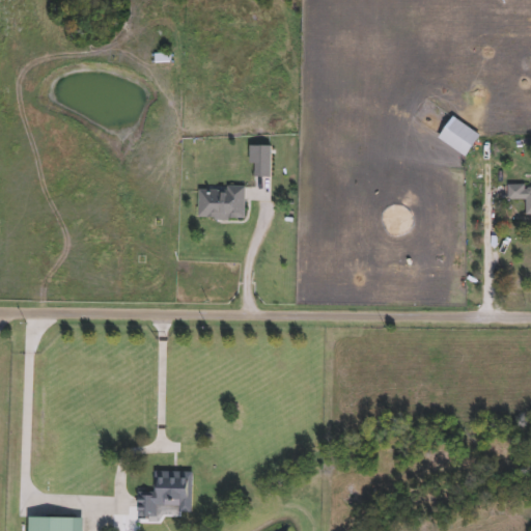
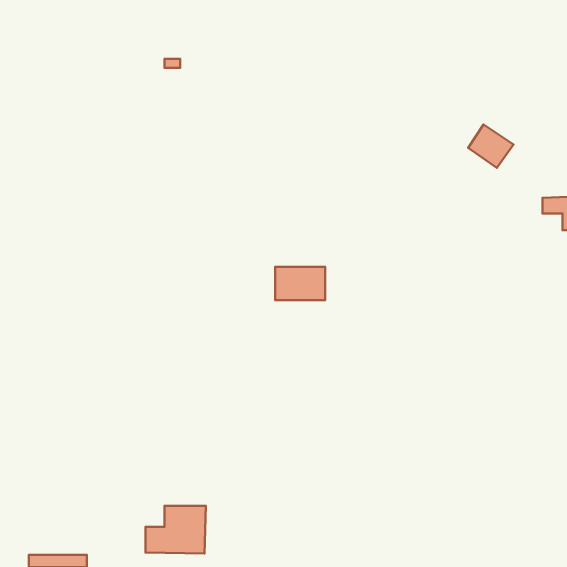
building: [250,145,270,175] -> none
building: [198,188,245,219] -> [275,267,325,300]

